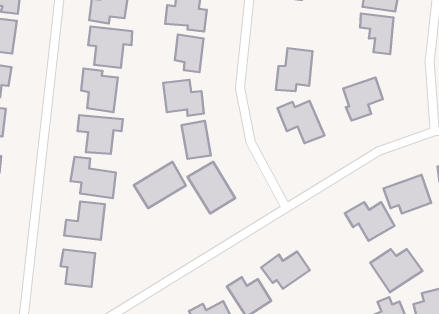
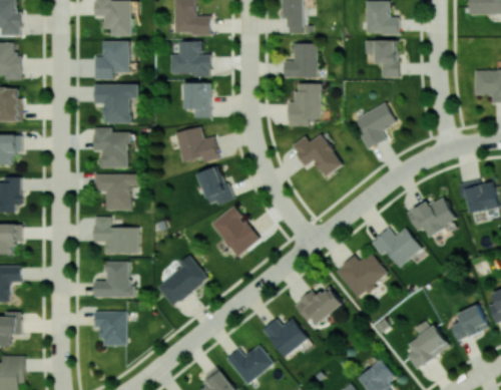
building: none -> [284,43,318,77]
building: [134,162,186,208] -> [156,257,208,306]
building: [370,249,422,292] -> [336,253,389,298]

